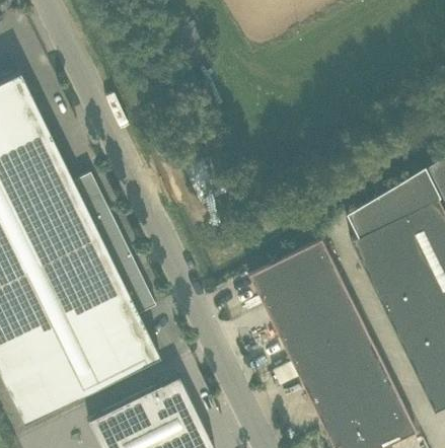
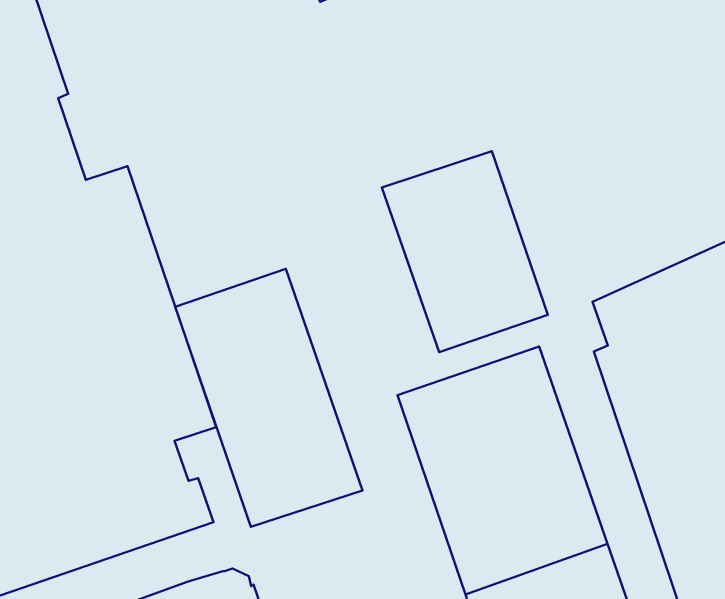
building: none -> [382,151,548,352]
building: none -> [175,269,362,527]

